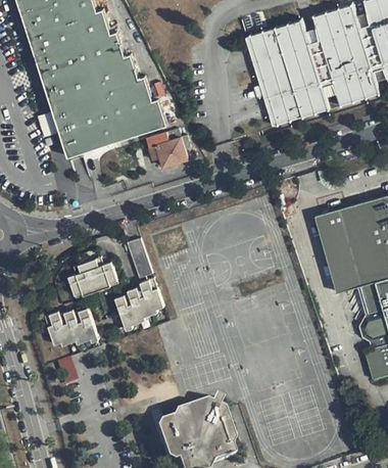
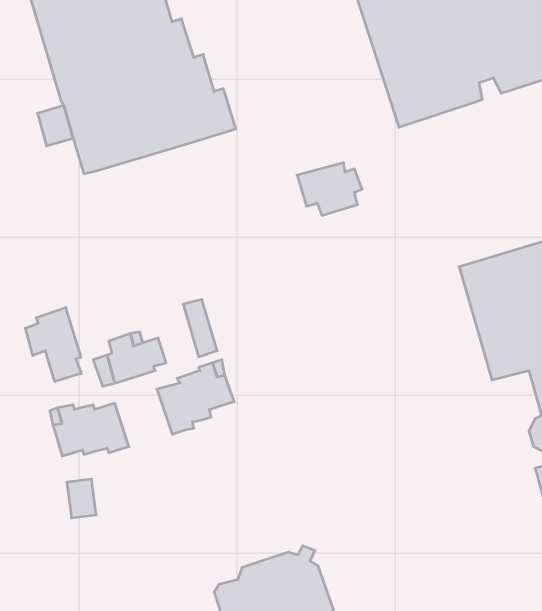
building: [146,132,189,167] -> [297,163,362,215]
building: none -> [25,307,81,382]

